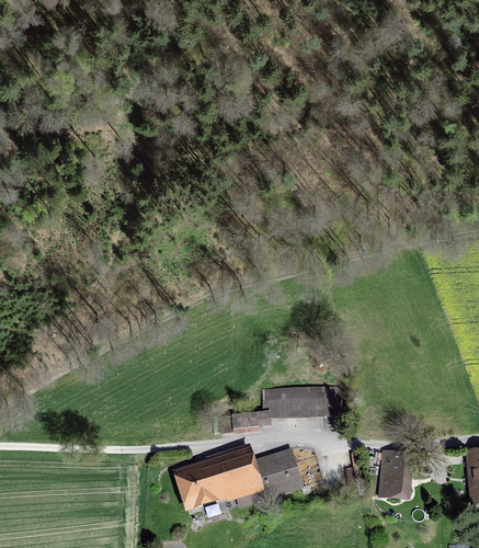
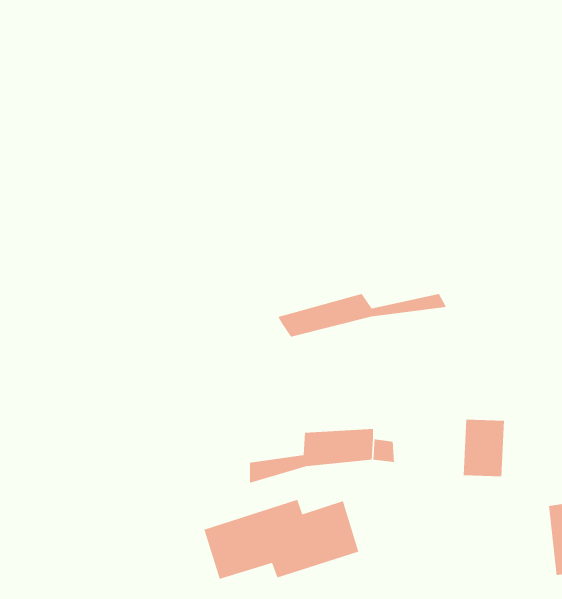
building: none -> [277,293,447,337]
building: [373,449,408,498] -> [463,419,505,477]

